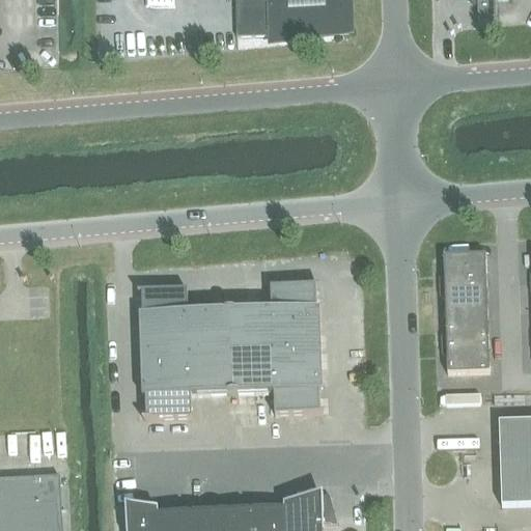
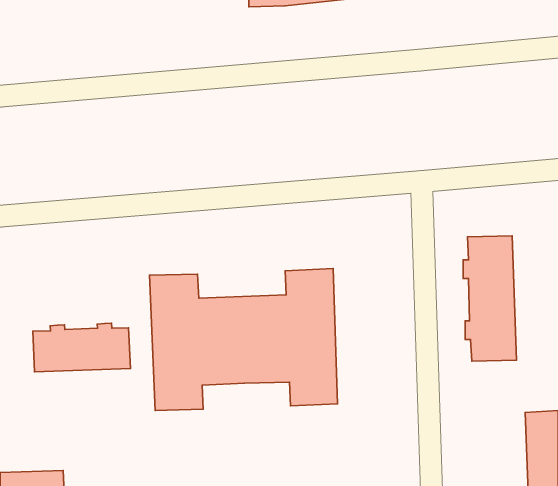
building: none -> [33,323,130,372]

